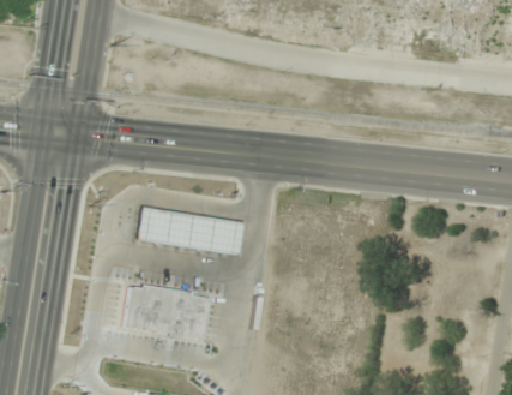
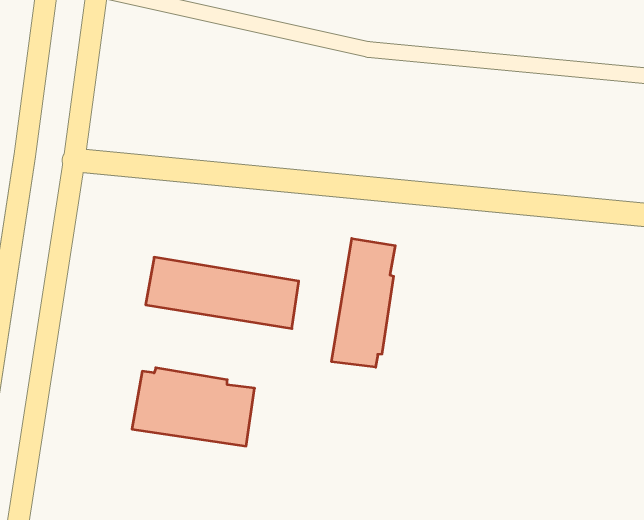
building: none -> [332,238,395,367]

